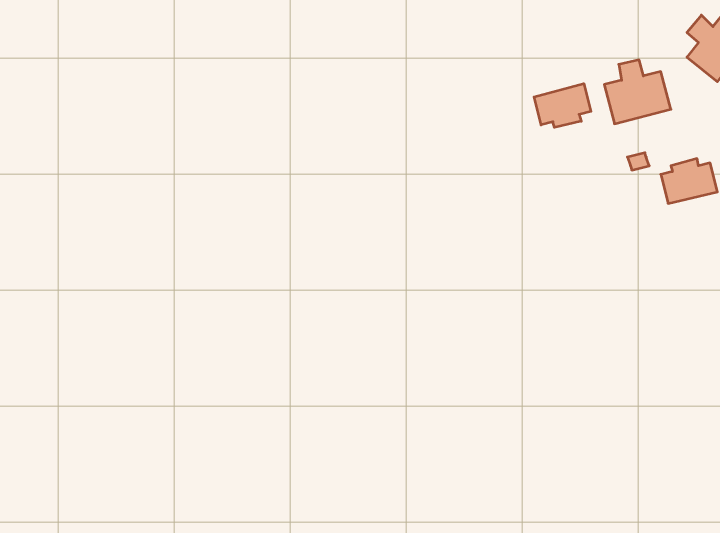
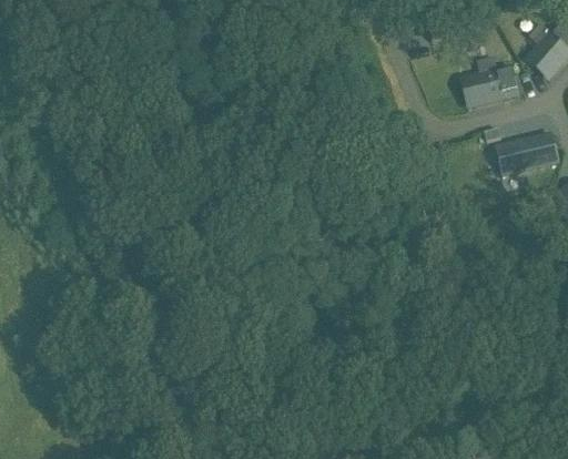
building: [534,84,591,127] -> none

